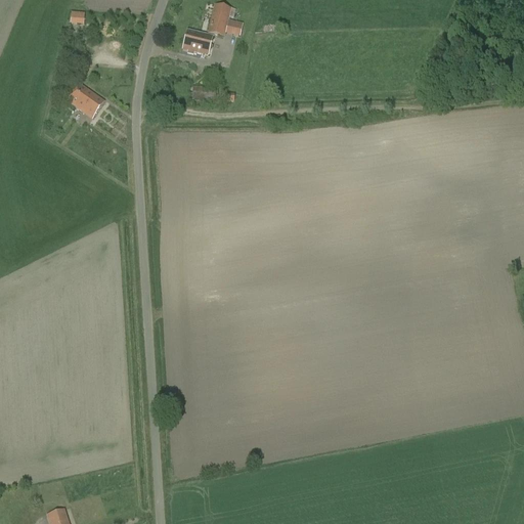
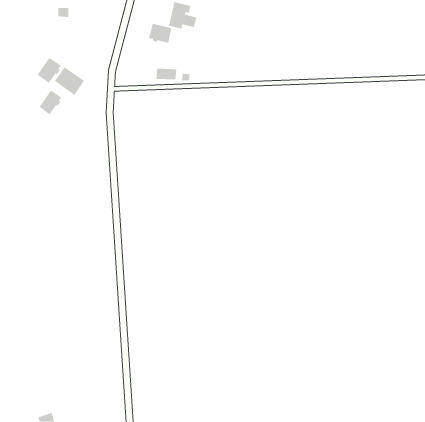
building: none -> [37,57,62,84]
building: none -> [39,90,62,115]

